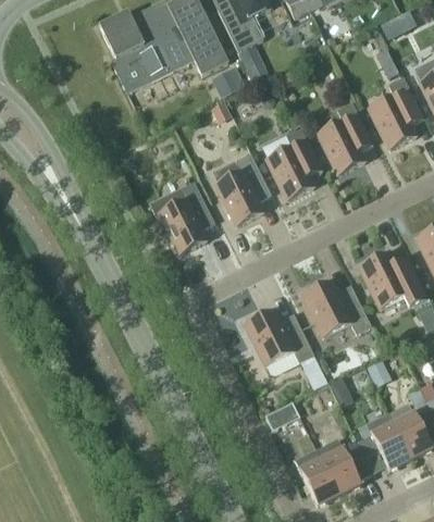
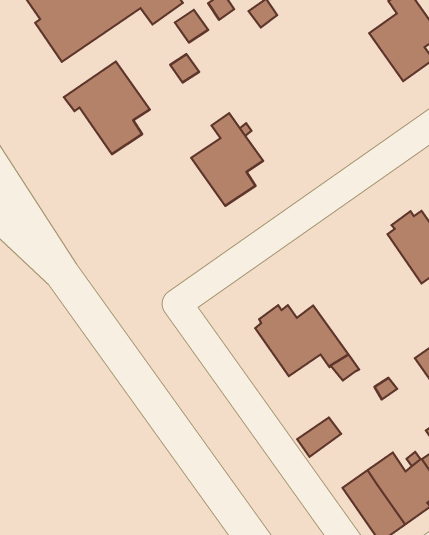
building: [318,102,373,175] -> none
building: [266,127,322,200] -> none
building: [149,182,214,253] -> [64,62,150,154]
building: [302,281,371,337] -> none

